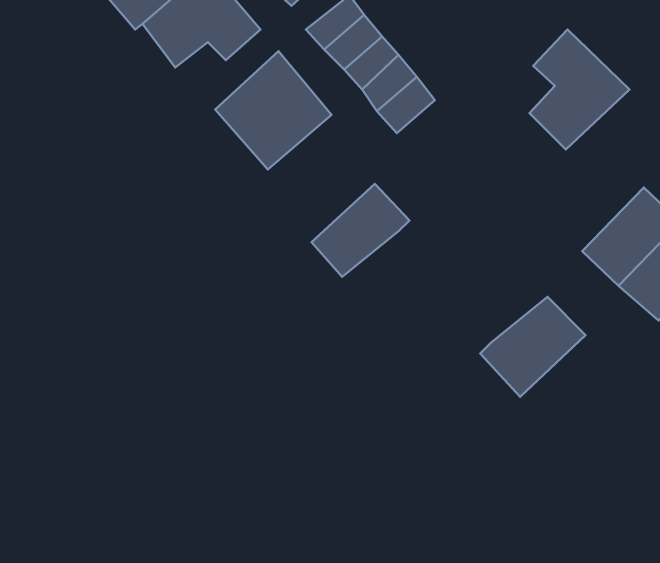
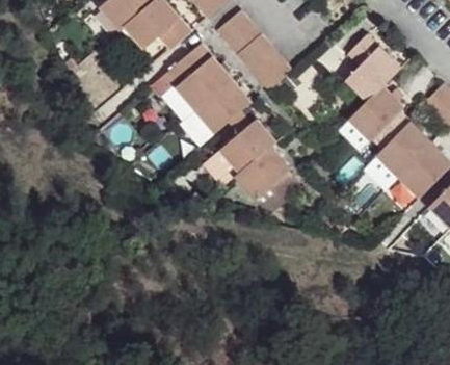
building: none -> [194,79,250,132]
building: none -> [345,83,404,140]
building: [480,297,586,397] -> [231,146,291,203]

